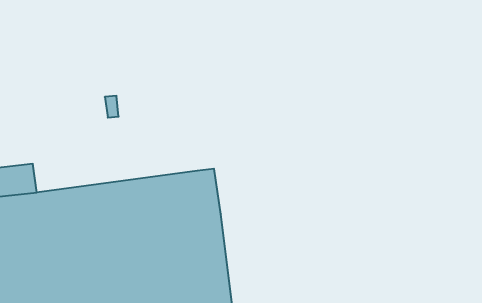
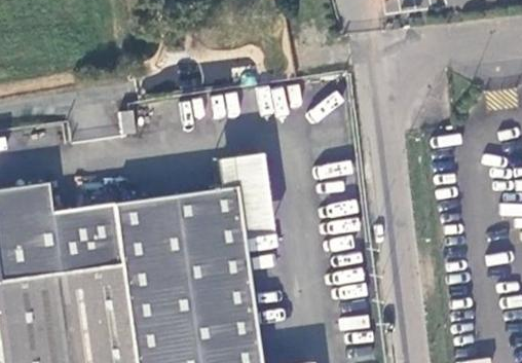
building: none -> [215,154,272,237]

